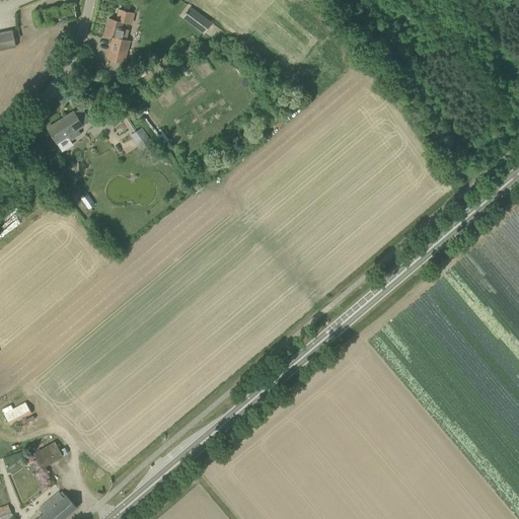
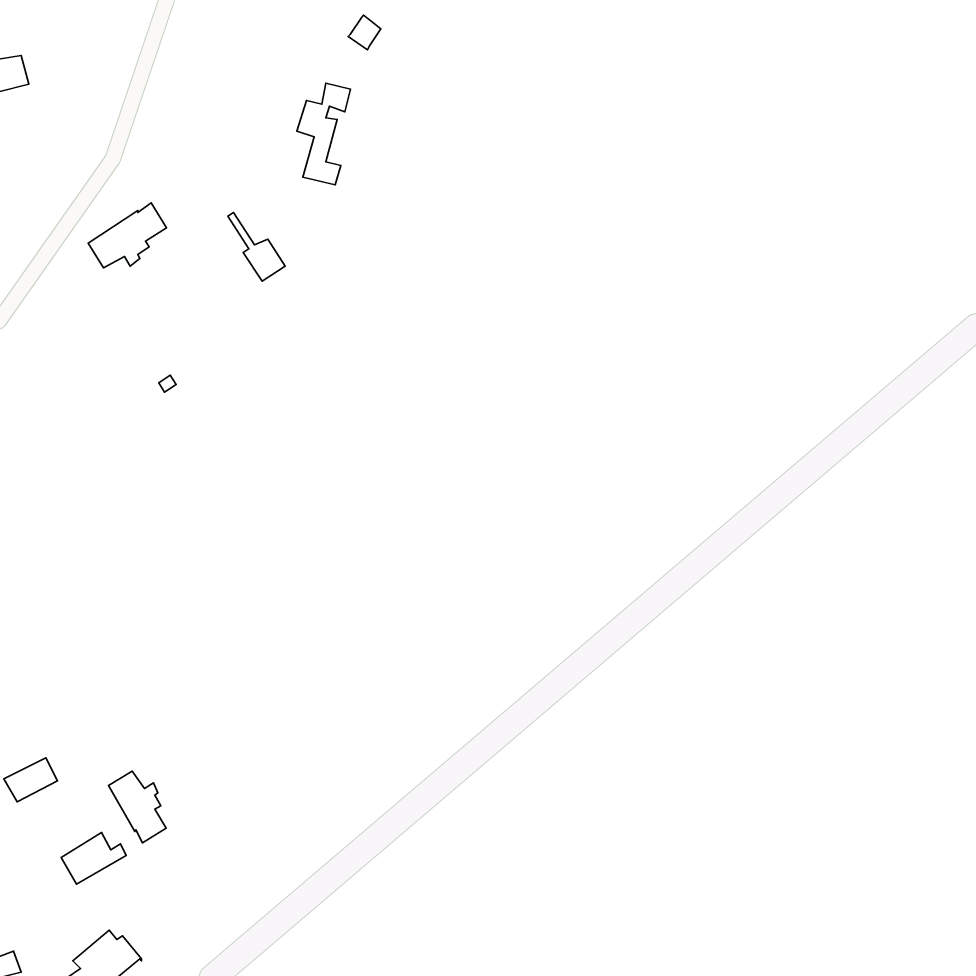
building: [103,10,132,64] -> [297,83,351,185]
building: none -> [108,771,166,843]

